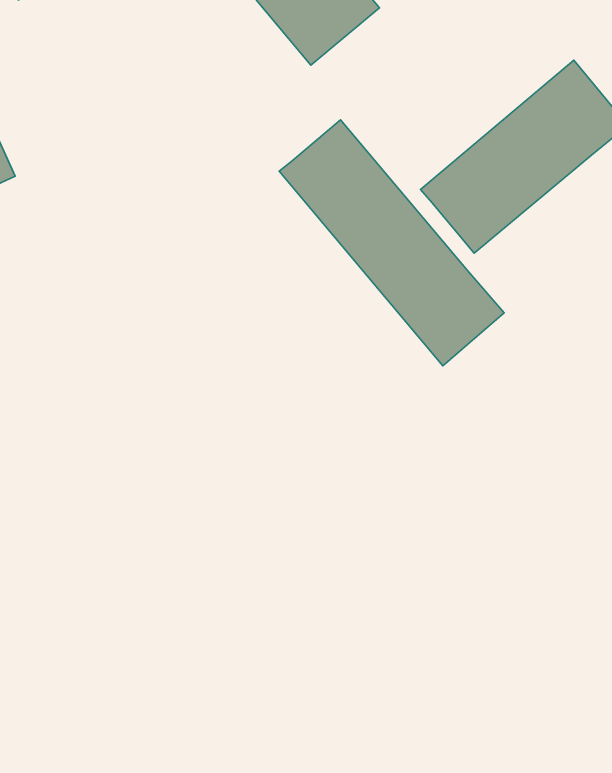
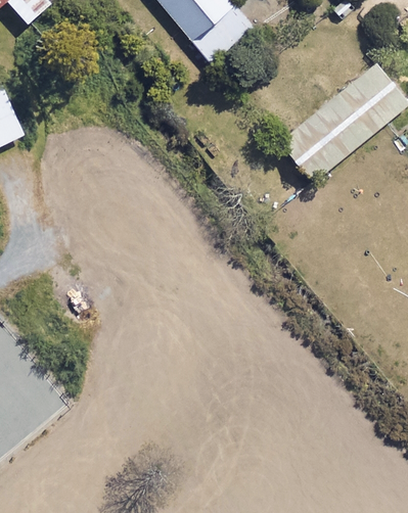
building: [279,120,504,366] -> none

